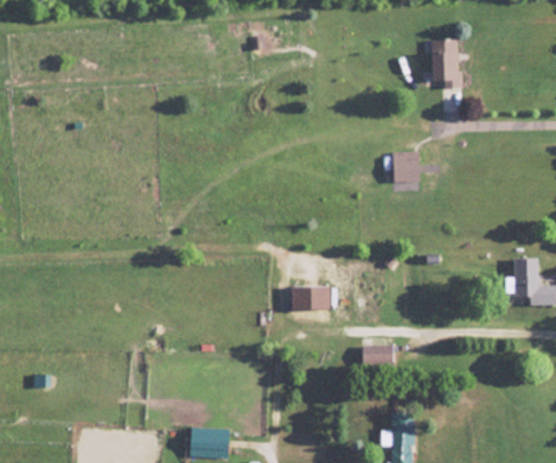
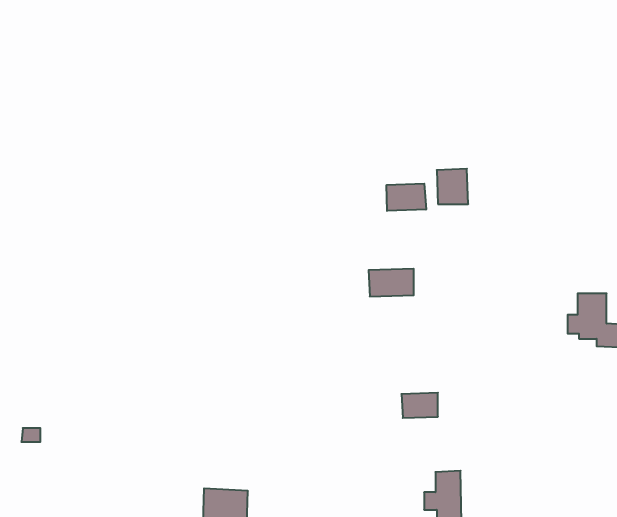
building: [431,41,463,89] -> none
building: none -> [387,184,426,211]
building: [291,287,330,311] -> [369,269,414,296]

